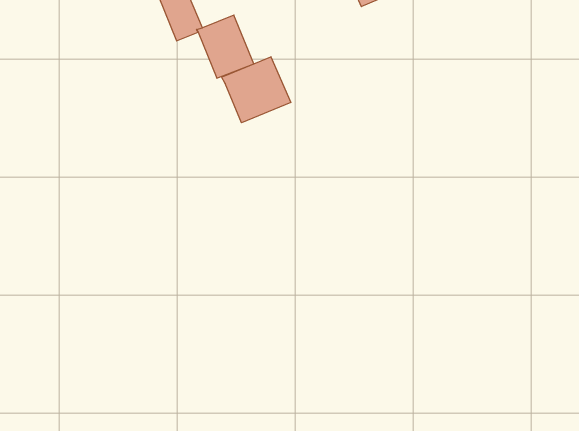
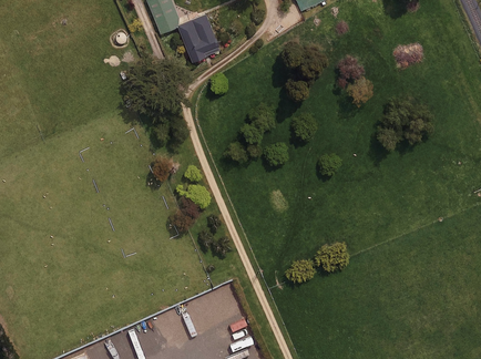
building: [222,57,291,123] -> none

